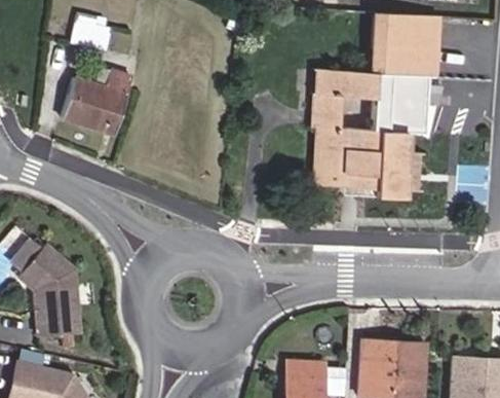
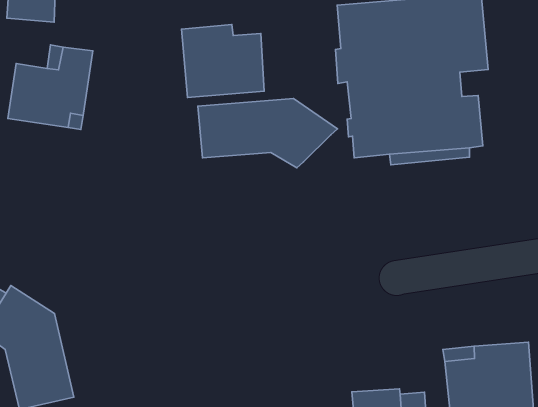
building: none -> [182,24,264,97]
building: none -> [198,98,337,168]

